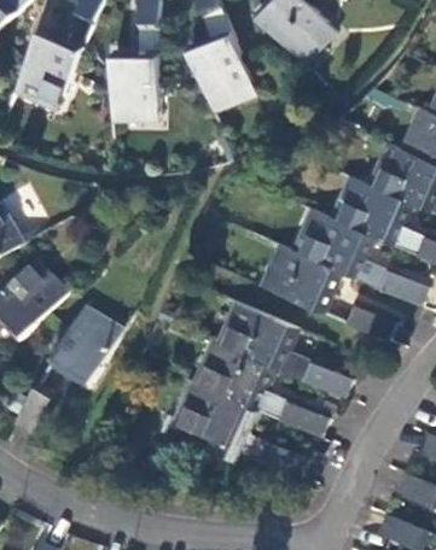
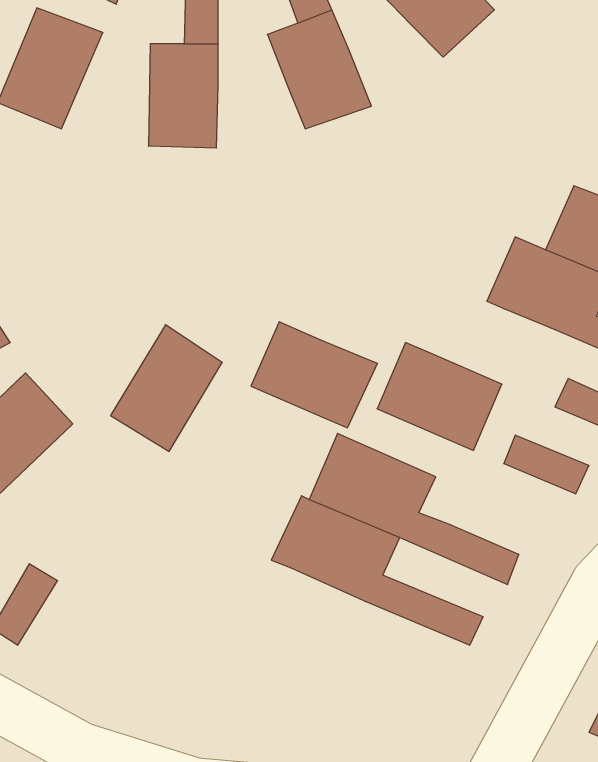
building: [292,209,373,276] -> [251,322,378,428]
building: [48,309,120,390] -> [111,325,222,451]
building: [173,381,308,476] -> none

